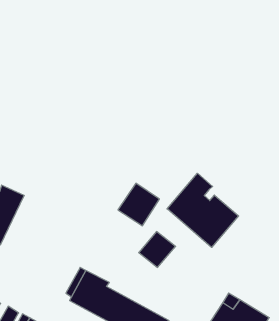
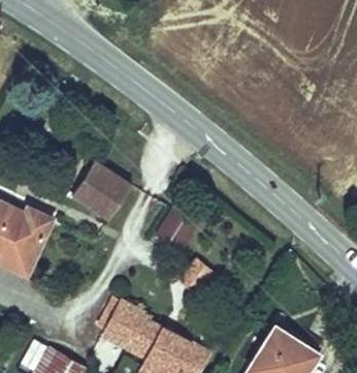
building: none -> [73,162,131,218]
building: [167,173,239,247] -> none

